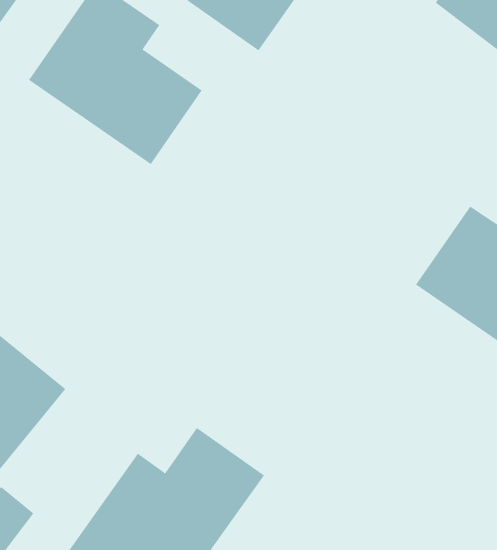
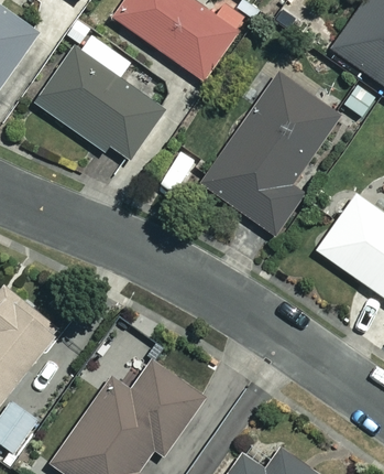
building: none -> [200,73,344,231]

